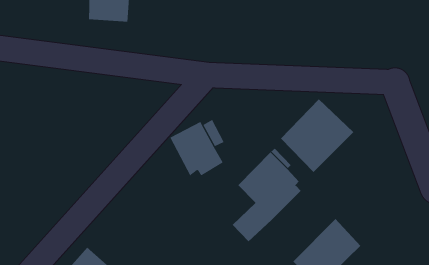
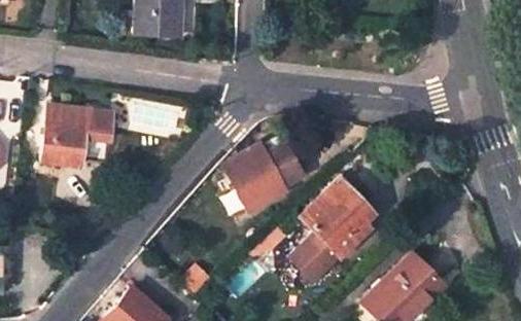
building: none -> [41,105,112,166]
building: [280,99,354,173] -> none

